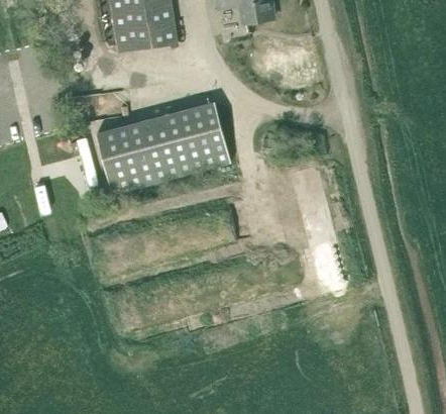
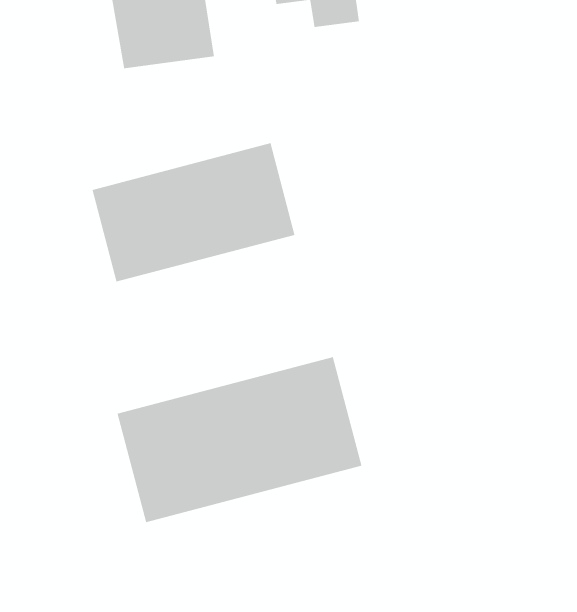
building: none -> [117,356,362,523]

